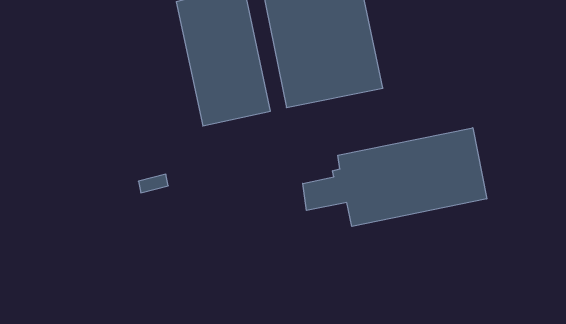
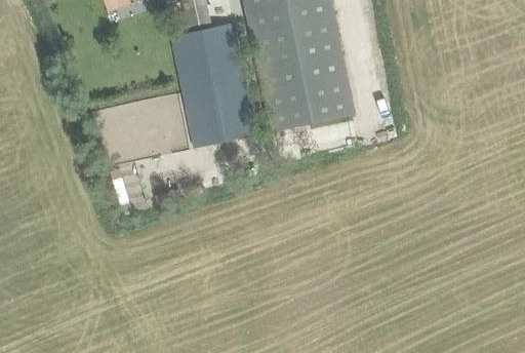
building: [303,128,487,226] -> none

